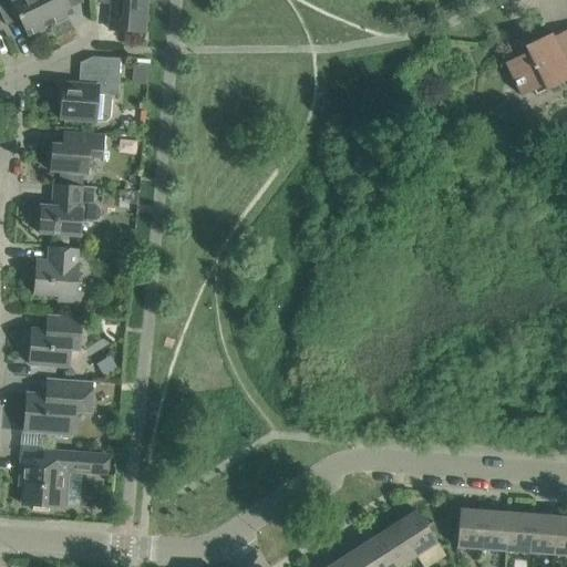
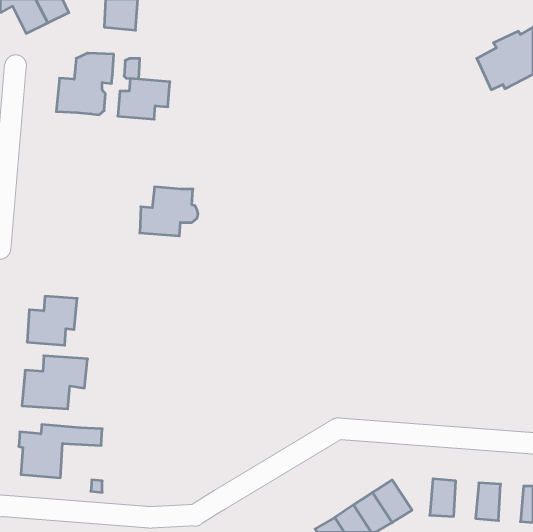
building: [50,131,105,174] -> [118,79,170,119]
building: [39,184,101,236] -> [140,187,198,236]
building: [33,247,79,301] -> none
building: [482,511,508,550] -> none
building: [529,514,556,554] -> none

